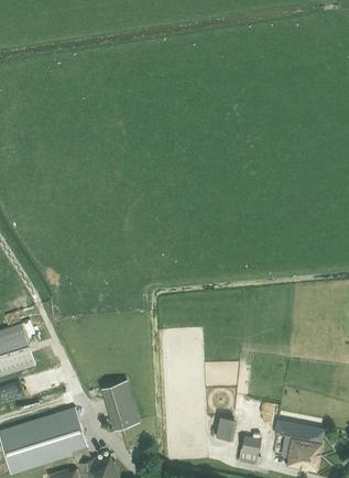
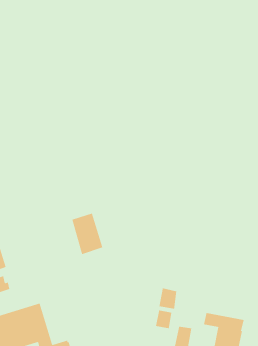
building: [100,379,139,430] -> [72,213,103,255]
building: none -> [159,288,177,309]

